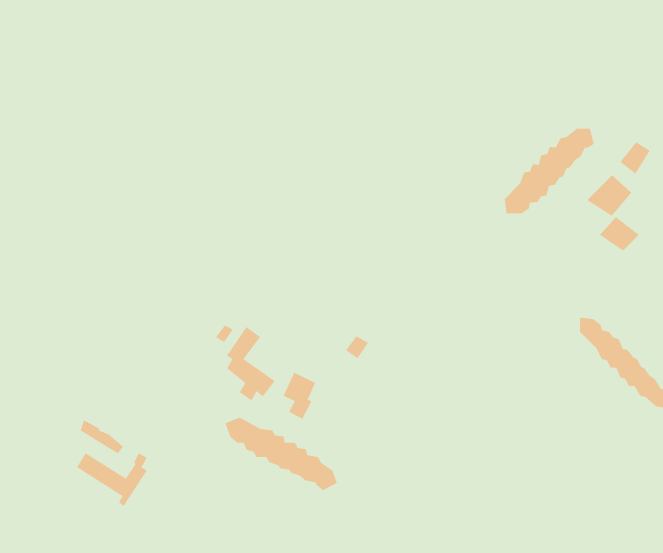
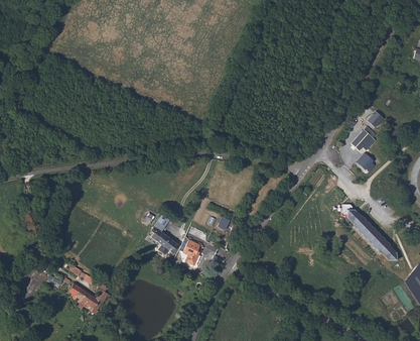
building: [504,128,594,214] -> none
building: [225,417,337,491] -> none

